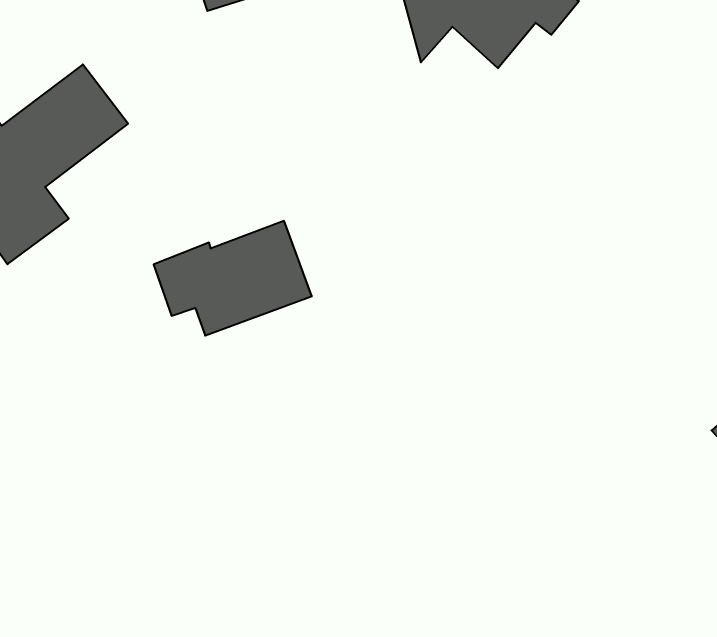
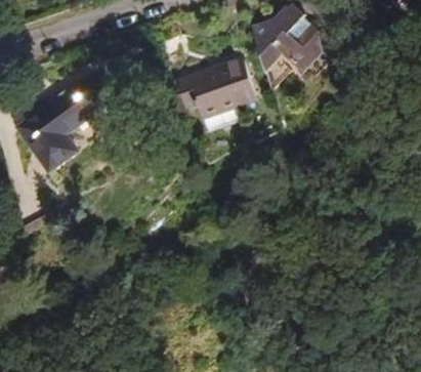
building: [154,221,312,336] -> [176,56,258,116]

